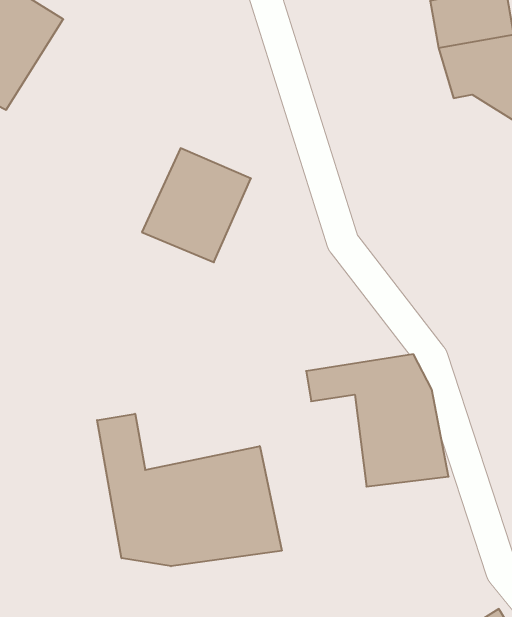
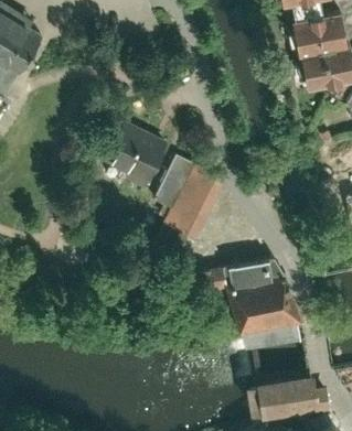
building: none -> [156,157,220,240]
building: [97,414,282,566] -> none
building: none -> [243,377,324,422]

